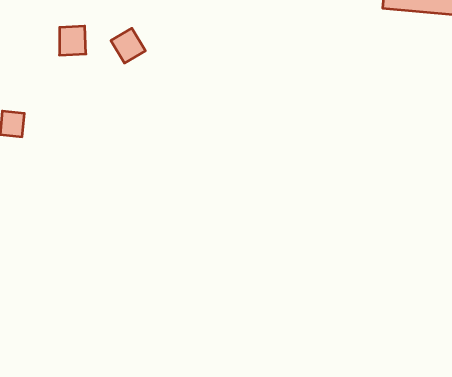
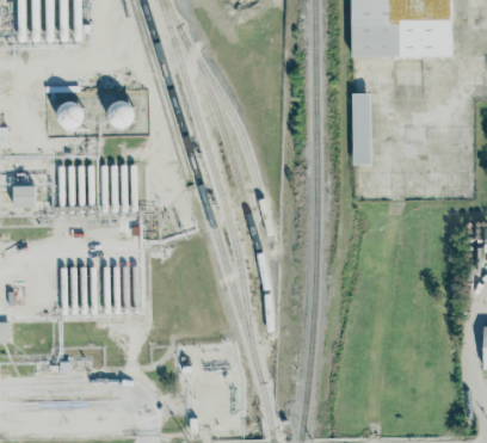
building: none -> [352,93,371,165]

